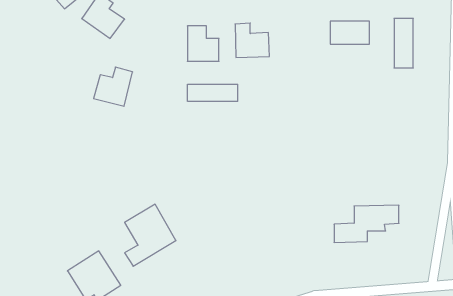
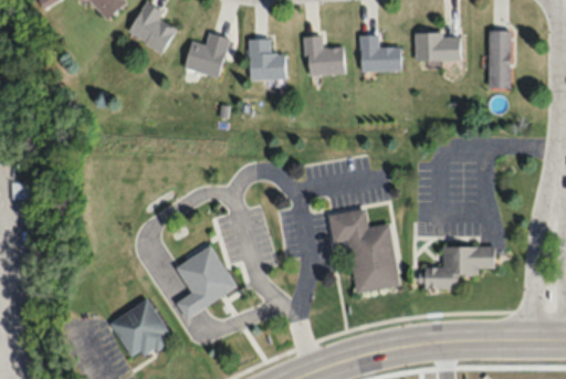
building: none -> [360,34,401,72]
building: [94,67,133,106] -> [184,32,229,77]
building: [188,84,238,101] -> none
building: none -> [329,210,398,293]

